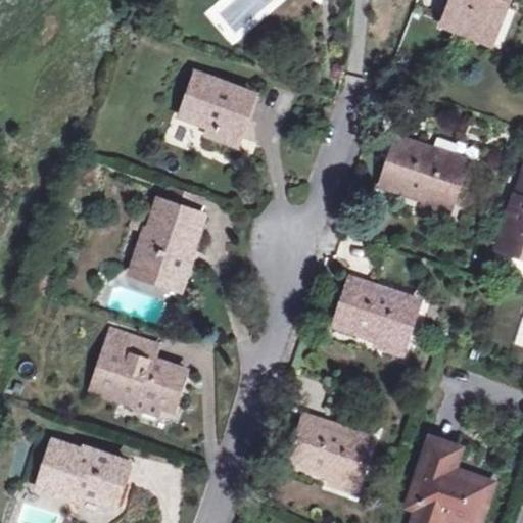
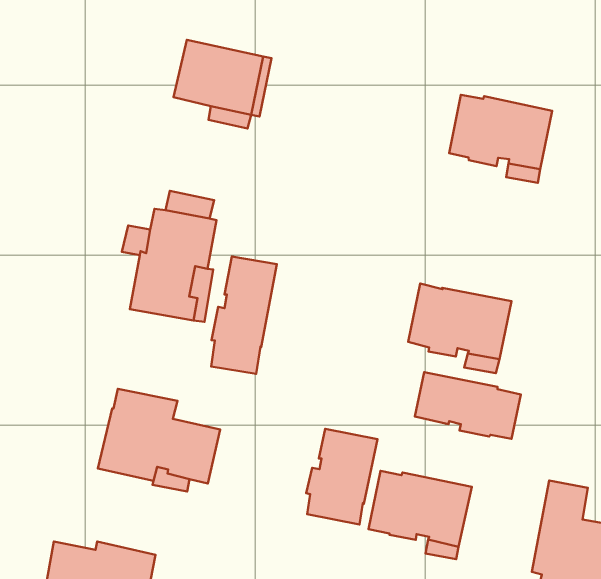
building: none -> [211,257,277,374]
building: none -> [415,372,521,439]
building: none -> [306,429,378,525]

